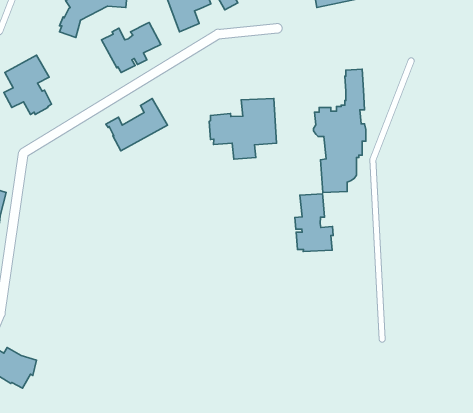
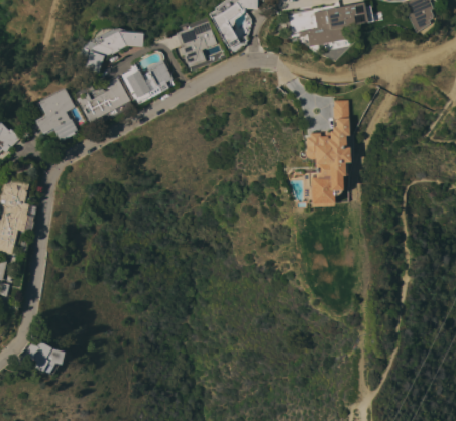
building: [106,99,167,151] -> [77,77,130,122]
building: [209,99,277,159] -> none
building: [295,194,333,251] -> none

